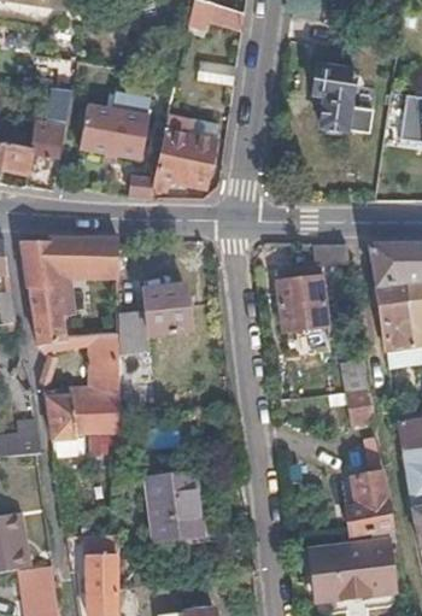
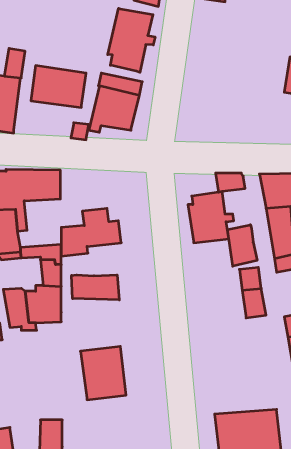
building: none -> [108,8,155,72]
building: [312,65,373,133] -> none
building: none -> [228,225,257,266]
building: none -> [72,275,119,300]
building: [347,474,391,534] -> none

